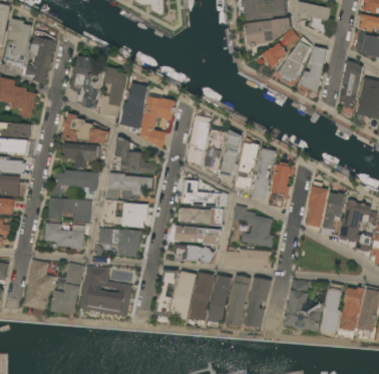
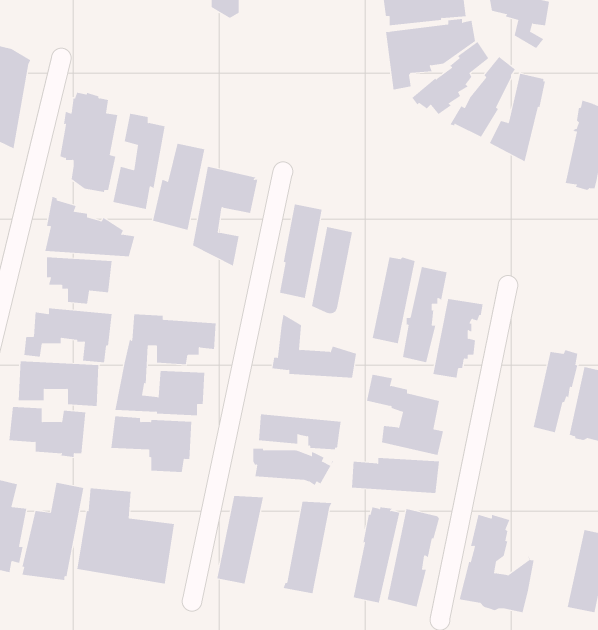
building: [220,129,242,175] -> none
building: [115,136,155,173] -> none
building: [306,180,328,228] -> none
building: [177,207,223,226] -> none
building: [171,270,196,319] -> none
building: [208,275,232,323] -> none
building: [320,282,343,335] -> none

